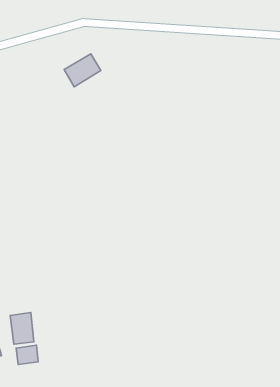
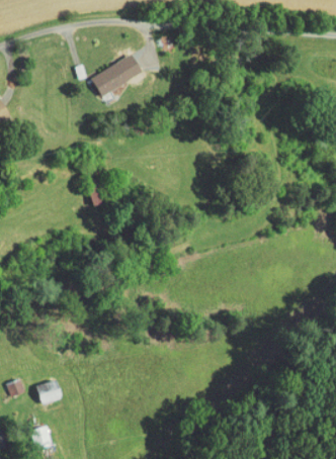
building: [10,312,34,344] -> none

